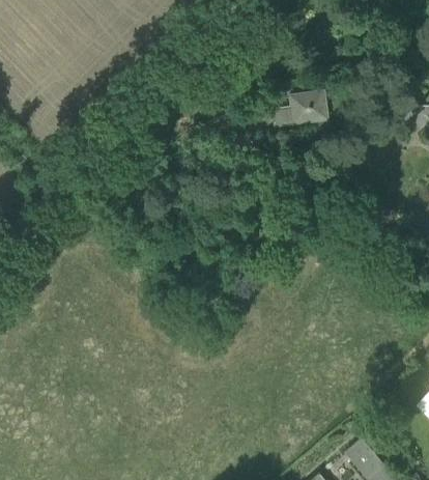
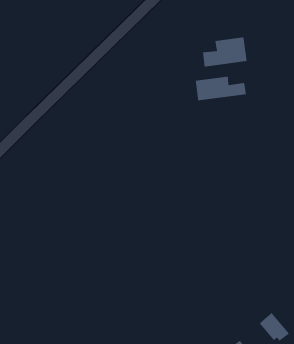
building: none -> [195,76,246,101]

